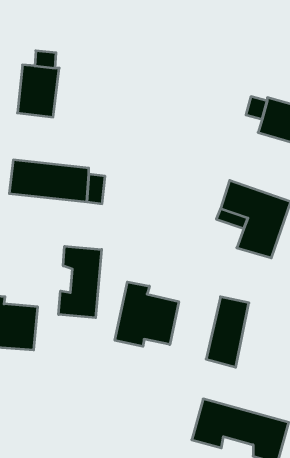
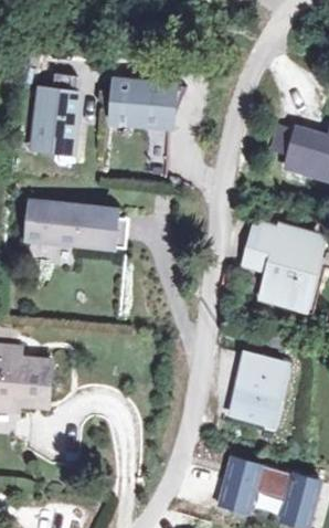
building: none -> [110,83,187,135]
building: [59,246,102,318] -> none
building: [115,282,179,346] -> none

